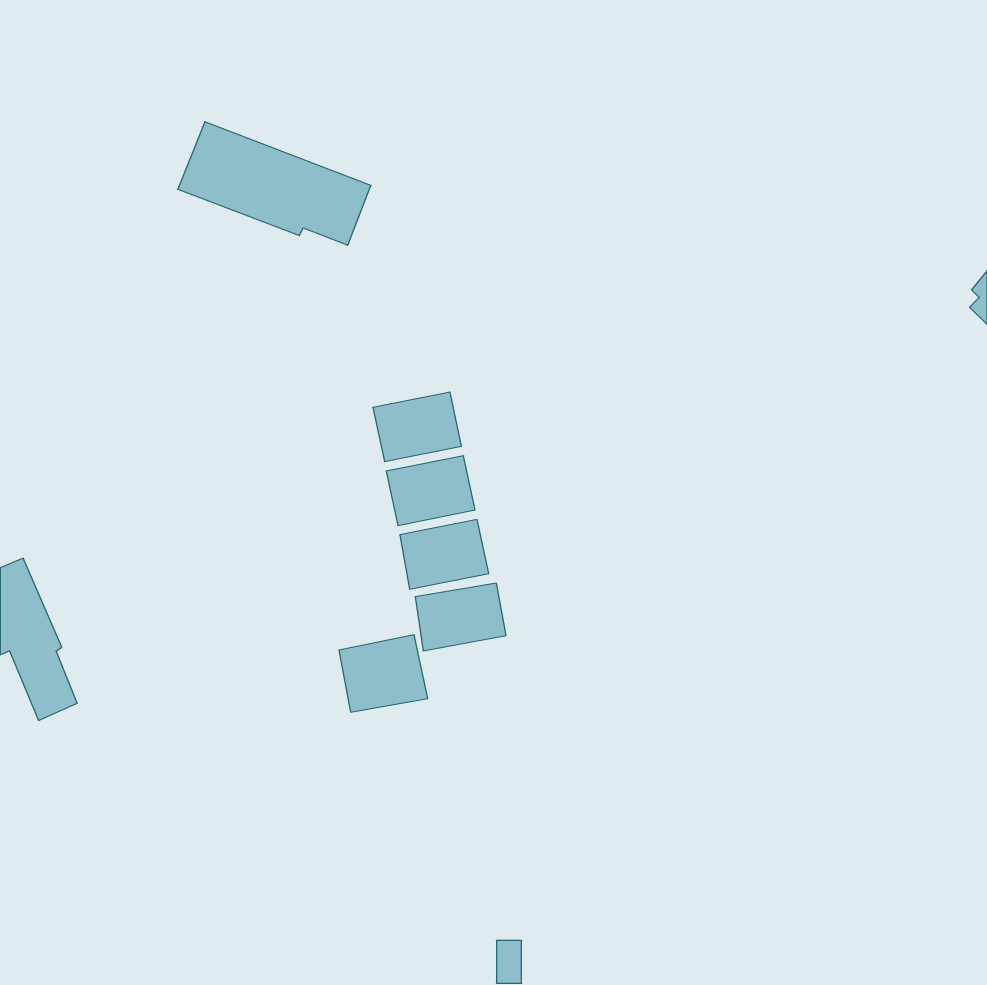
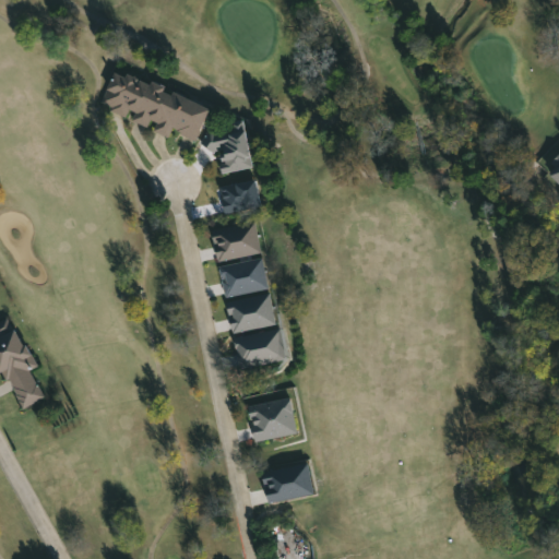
building: none -> [202,123,253,174]
building: none -> [218,179,262,215]
building: [339,635,428,712] -> [248,399,298,442]
building: none -> [261,463,314,506]

